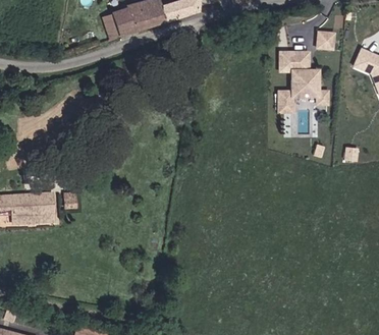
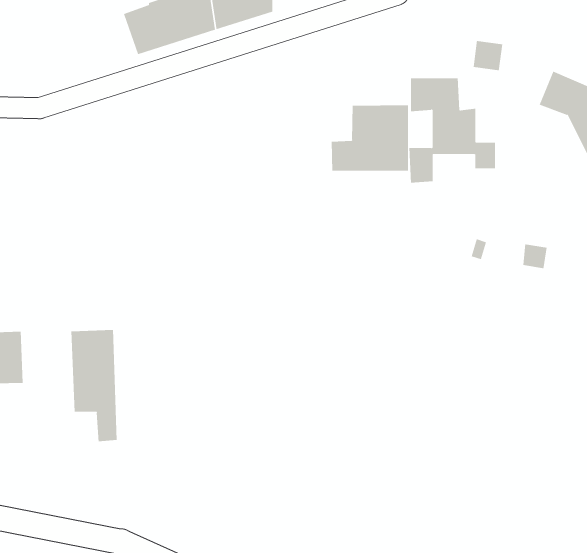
building: none -> [331,104,409,172]
building: none -> [71,329,117,442]

